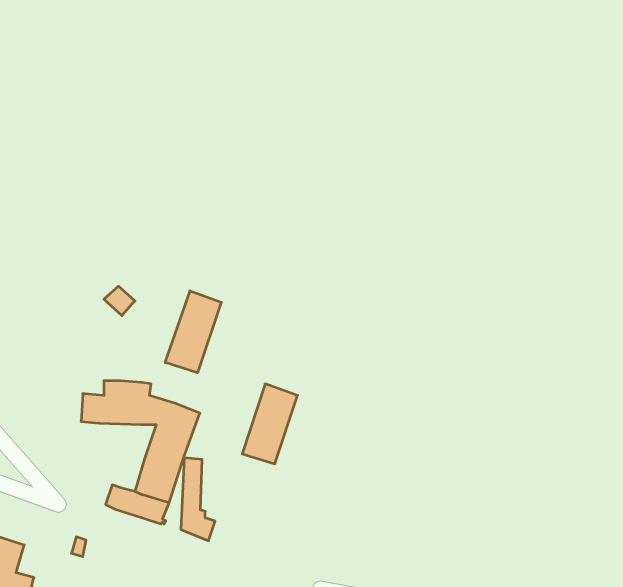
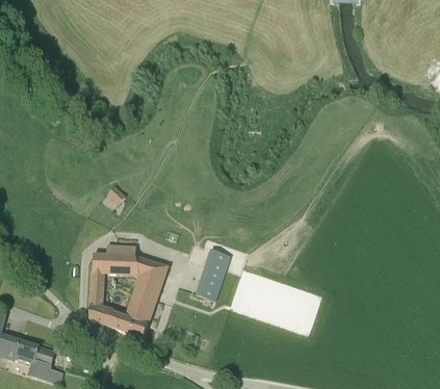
building: [165,291,221,373] -> none
building: [181,458,215,541] -> [89,273,111,326]

